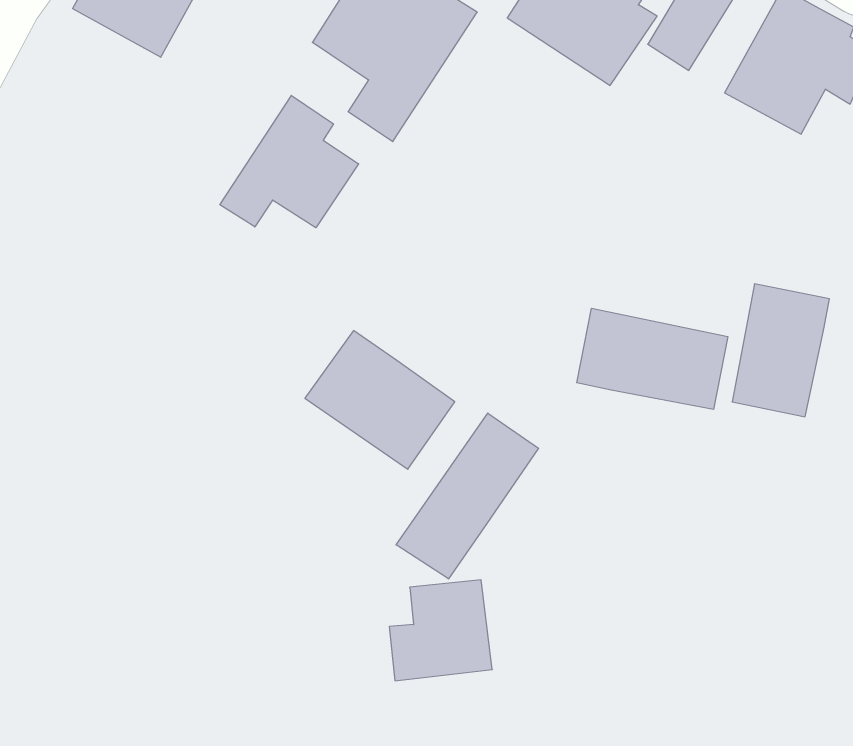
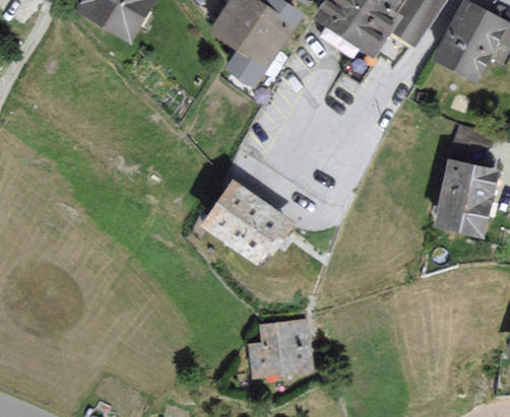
building: [220,95,359,228] -> none
building: [577,308,728,409] -> none
building: [396,413,539,579] -> none

